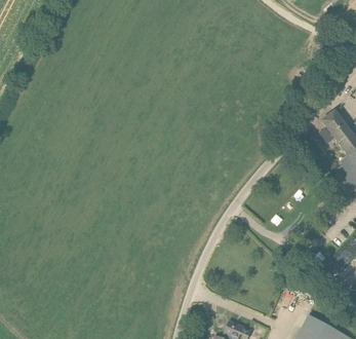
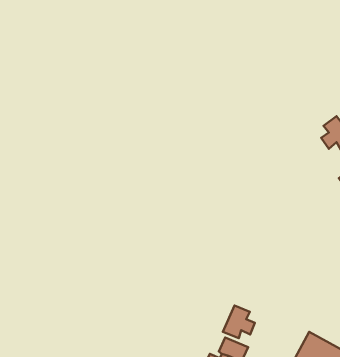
building: none -> [223,305,255,338]

